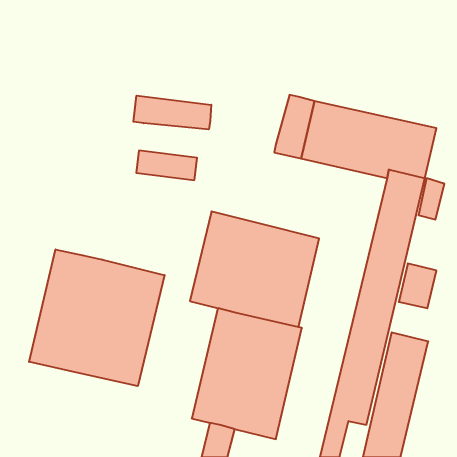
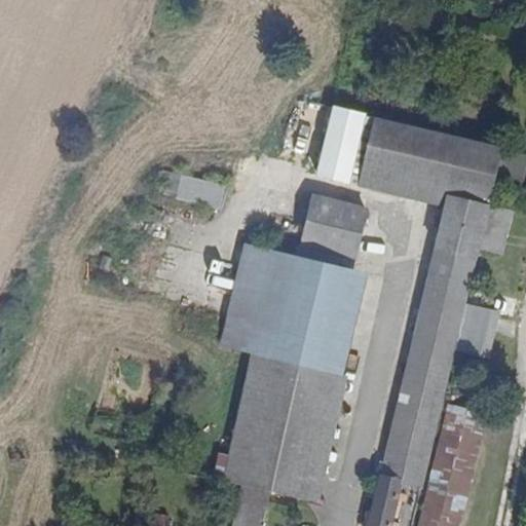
building: [133,96,211,129] -> none
building: none -> [299,194,363,256]
building: [29,249,165,386] -> none

